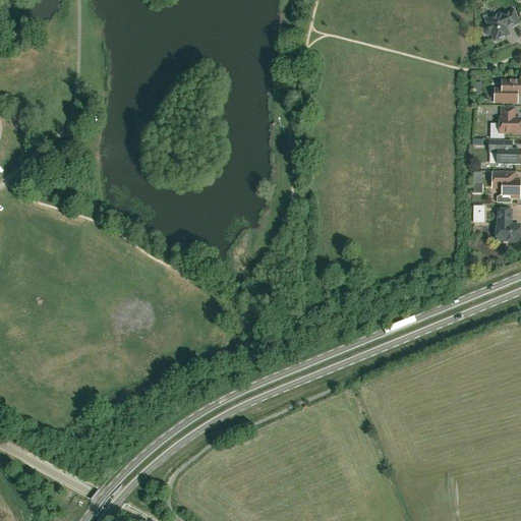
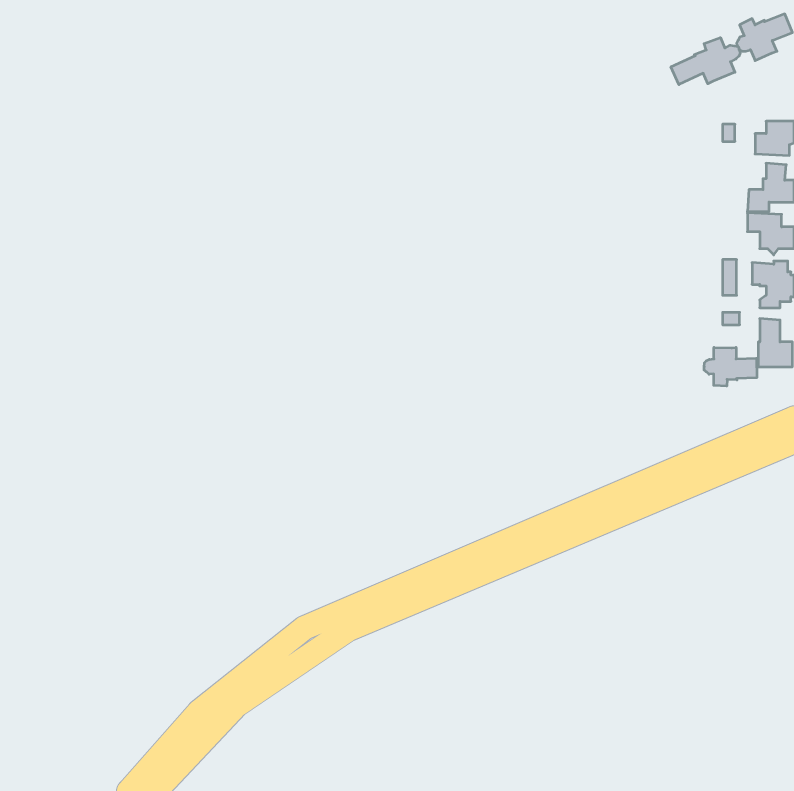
building: none -> [671,38,740,85]
building: none -> [704,347,757,386]

